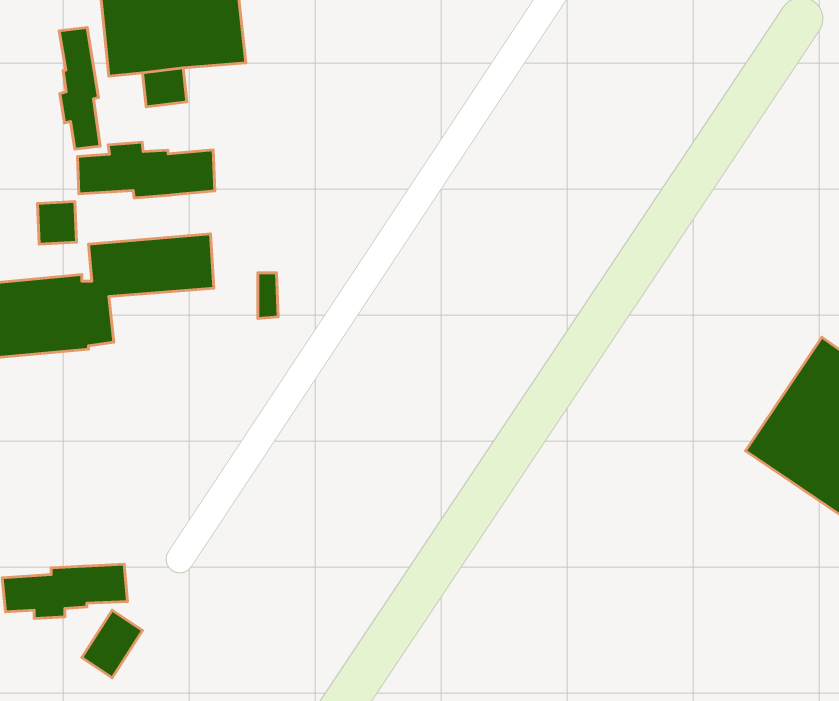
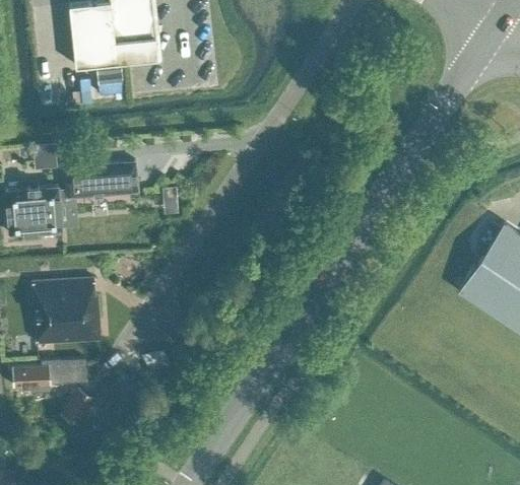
building: [59,27,100,149] -> none
building: [77,142,215,198] -> none
building: none -> [32,278,100,344]

